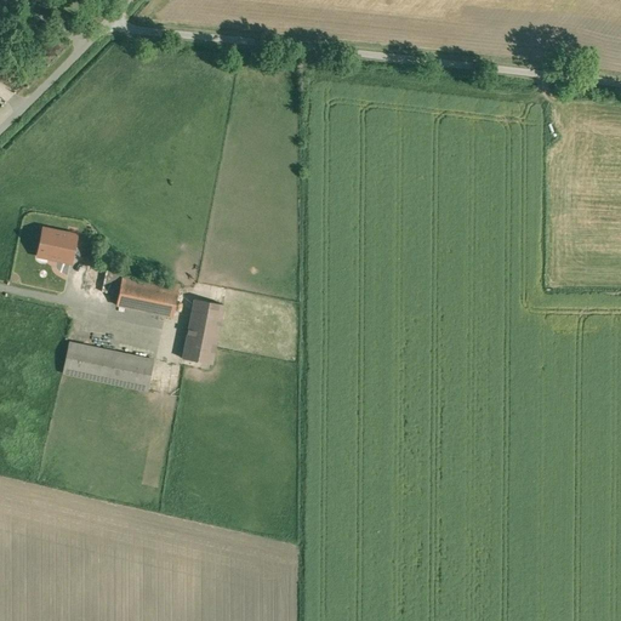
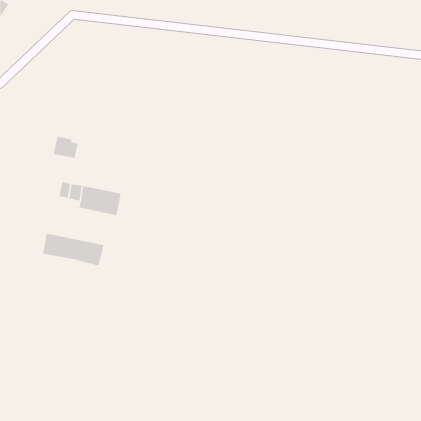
building: [36,229,74,262] -> [53,136,78,158]
building: [182,300,222,365] -> none

